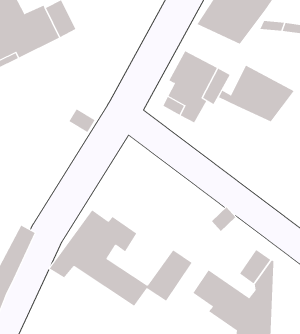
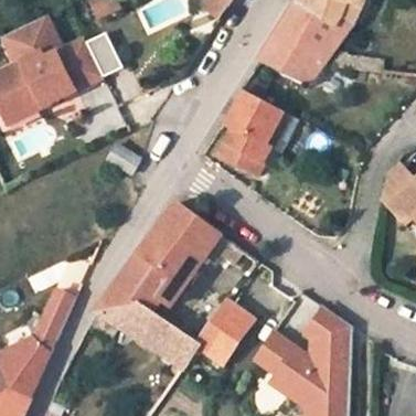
building: [218,65,294,122] -> none
building: none -> [138,214,245,297]

